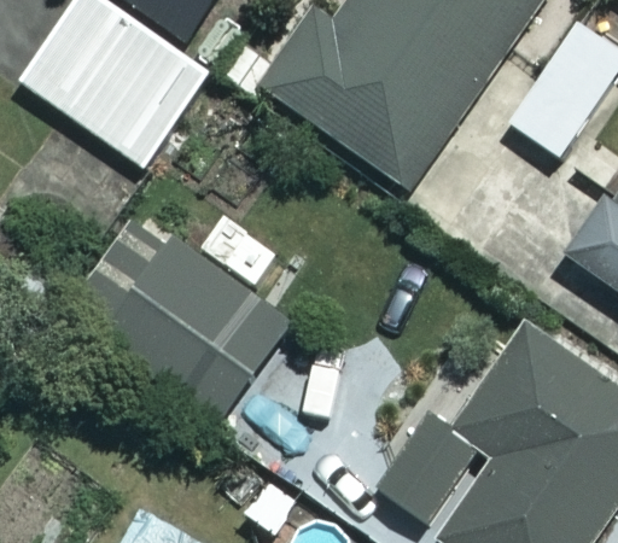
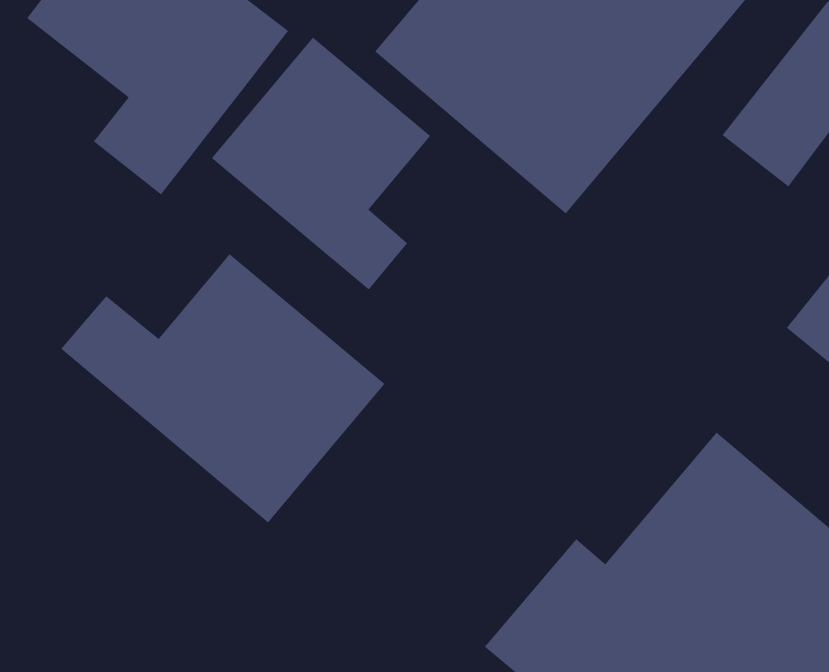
building: none -> [211,36,431,291]

